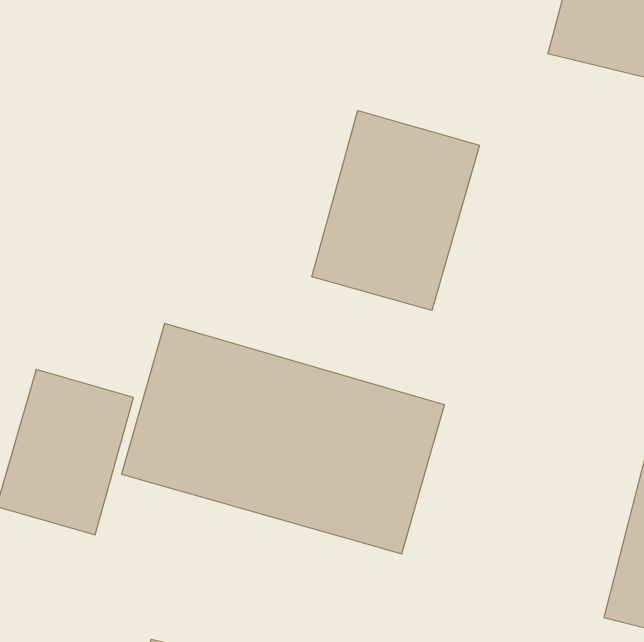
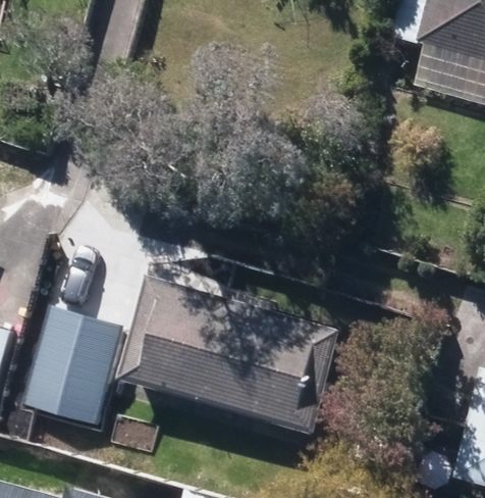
building: [312,111,479,310] -> none

